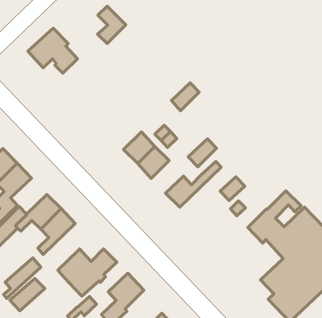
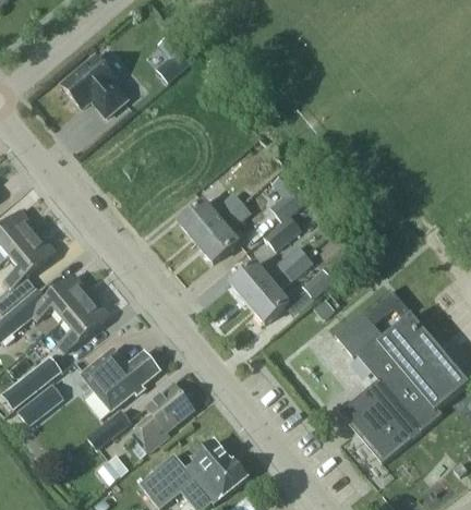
building: [171,83,199,111] -> [270,186,307,222]
building: none -> [247,253,313,323]

